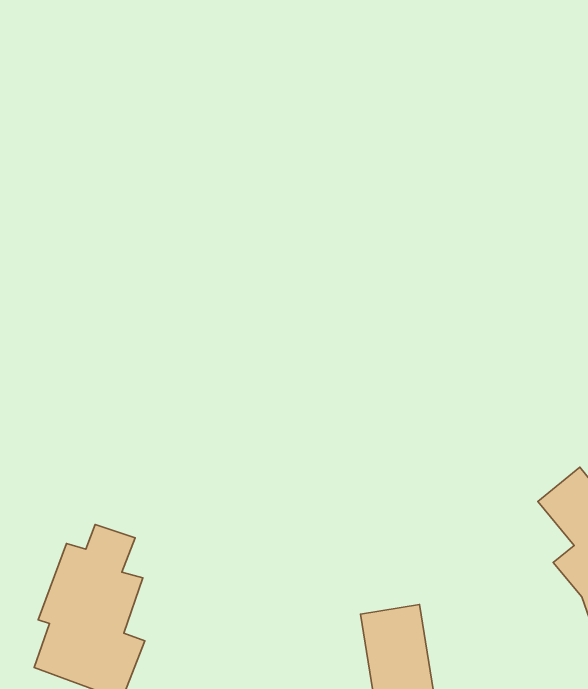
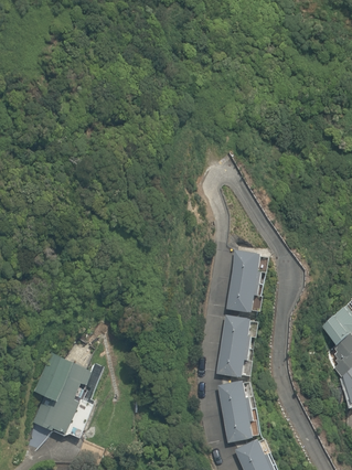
building: none -> [221,248,266,314]
building: none -> [212,317,256,382]

